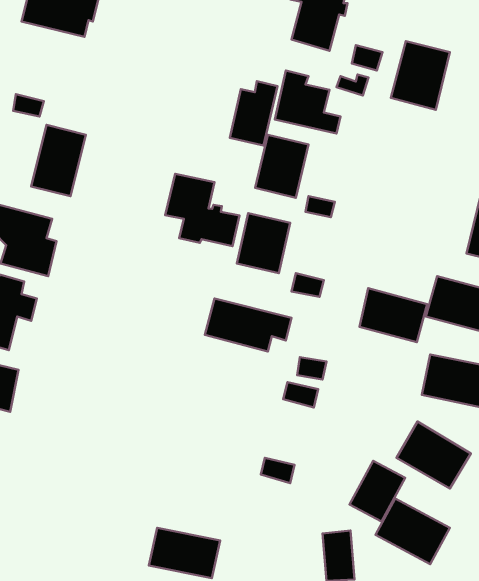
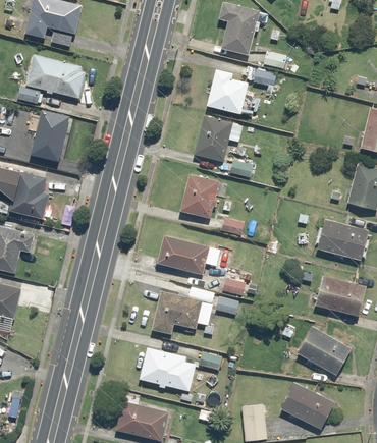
building: [391,41,450,110] -> none
building: none -> [25,55,86,99]
building: [230,81,277,146] -> none
building: [165,174,239,246] -> none
building: [359,288,427,342] -> none
building: none -> [154,287,214,335]
building: none -> [140,349,196,391]
building: [349,461,405,522] -> none

